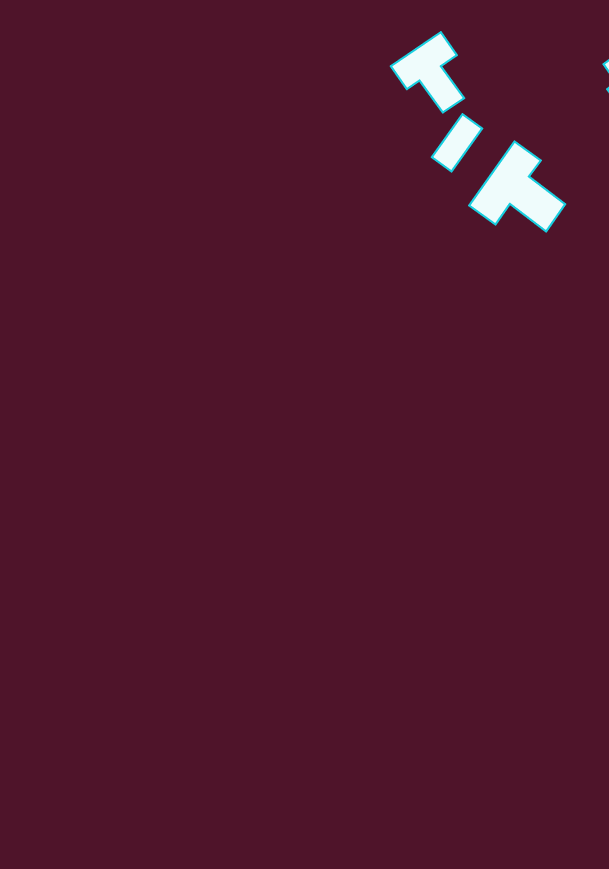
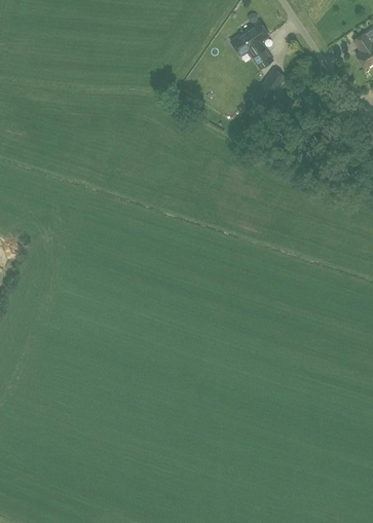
building: [469,142,565,231] -> none

